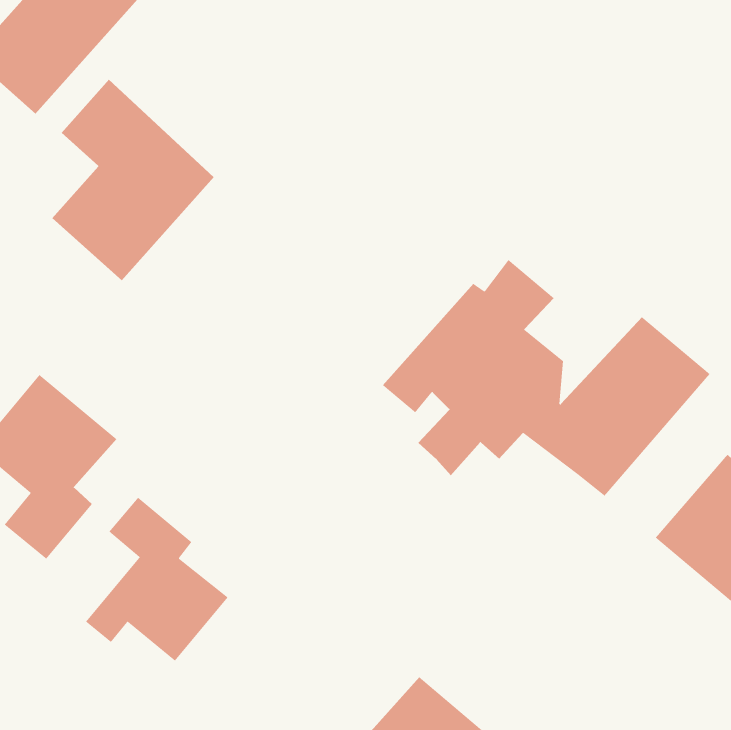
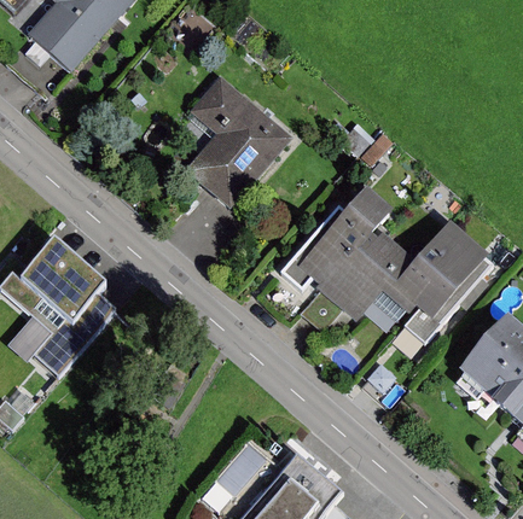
building: [51,79,215,281] -> [184,75,290,206]
building: [85,497,228,661] -> none

